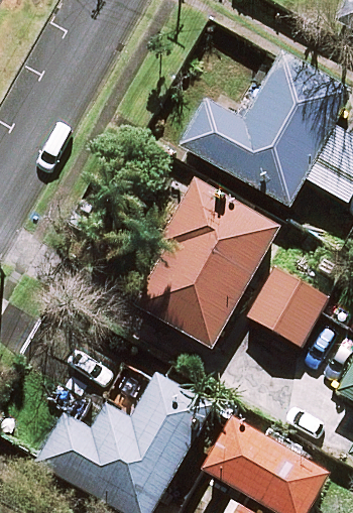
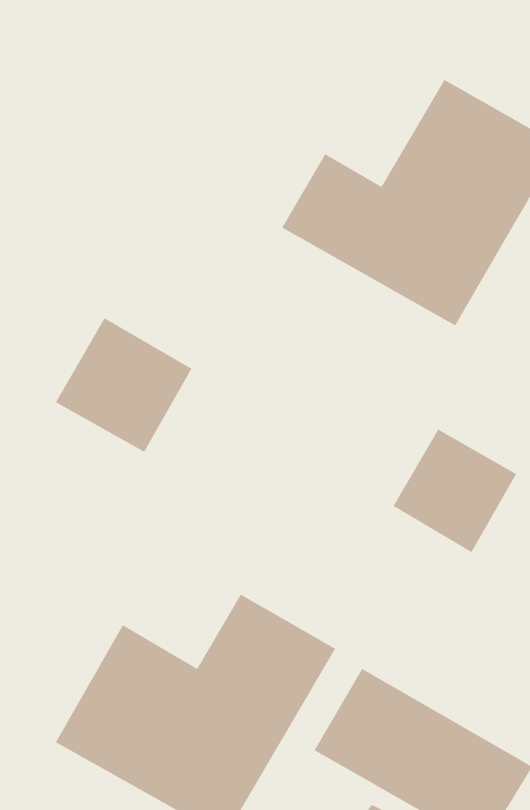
building: [129,182,280,348] -> none
building: none -> [55,317,192,453]

